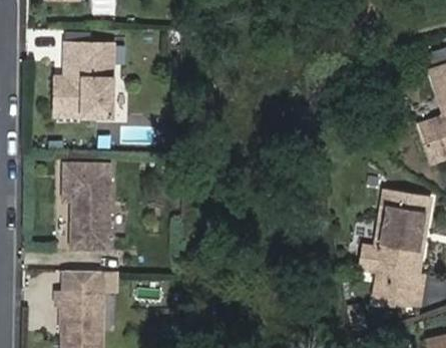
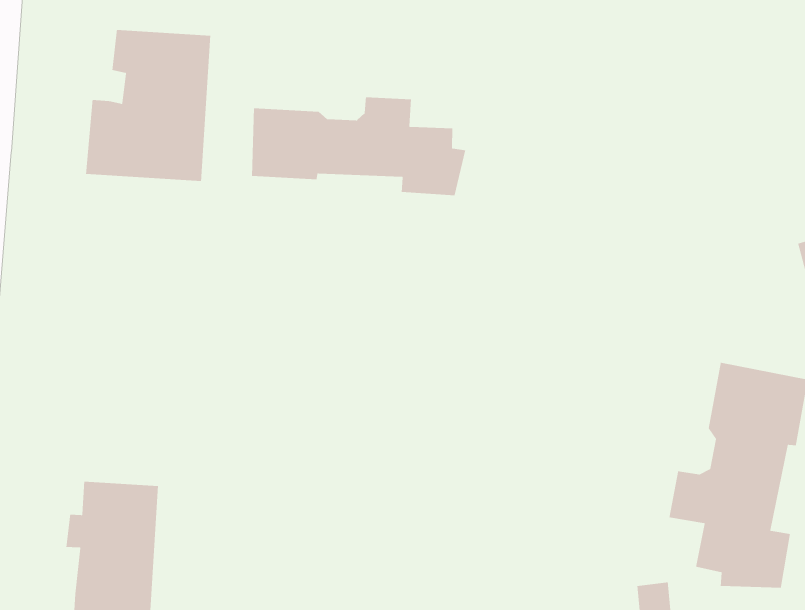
building: none -> [251,96,466,196]
building: [63,162,114,250] -> none

